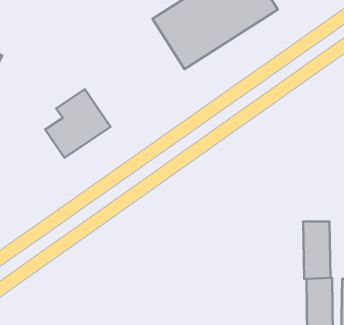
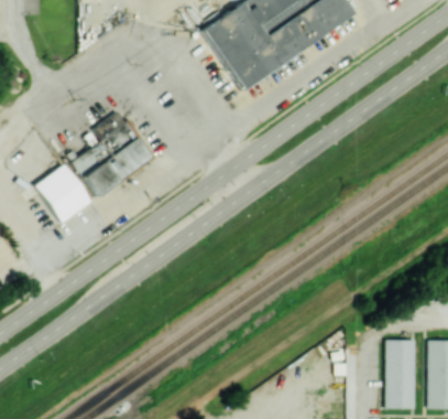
building: none -> [35,164,90,223]
building: [303,221,330,279] -> none

